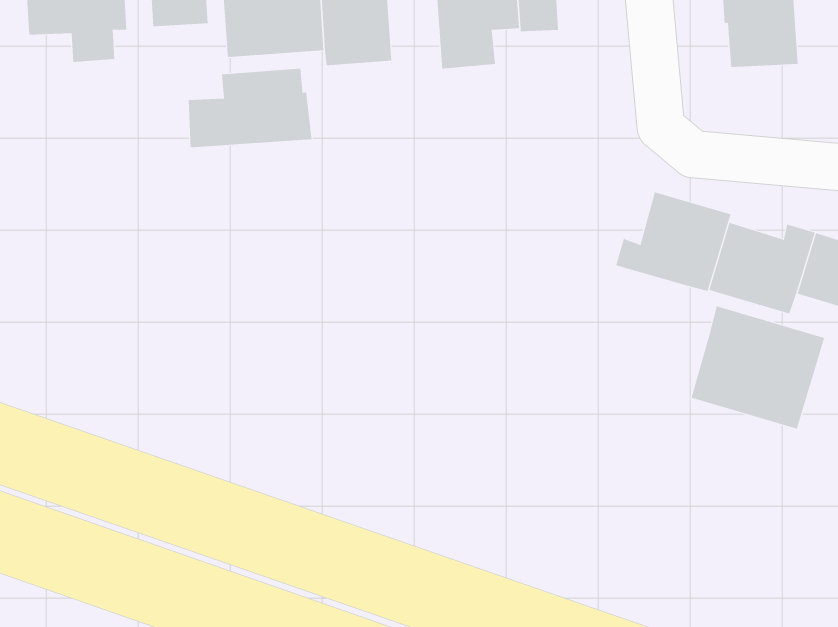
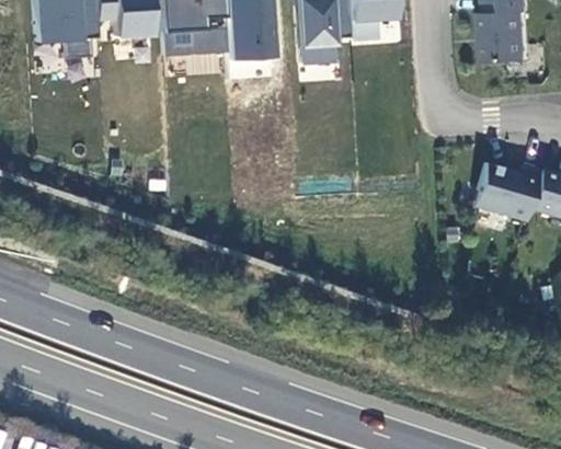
building: [188,68,312,148] -> none
building: [615,192,731,292] -> none
building: [691,306,825,430] -> none

